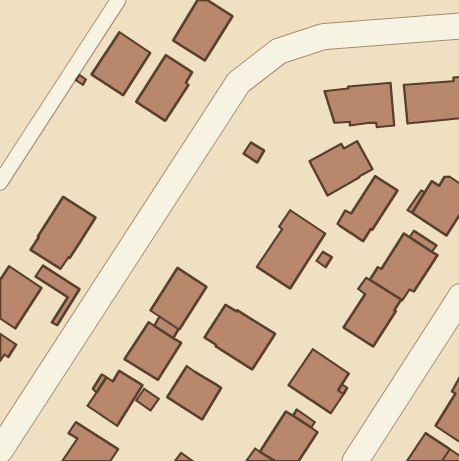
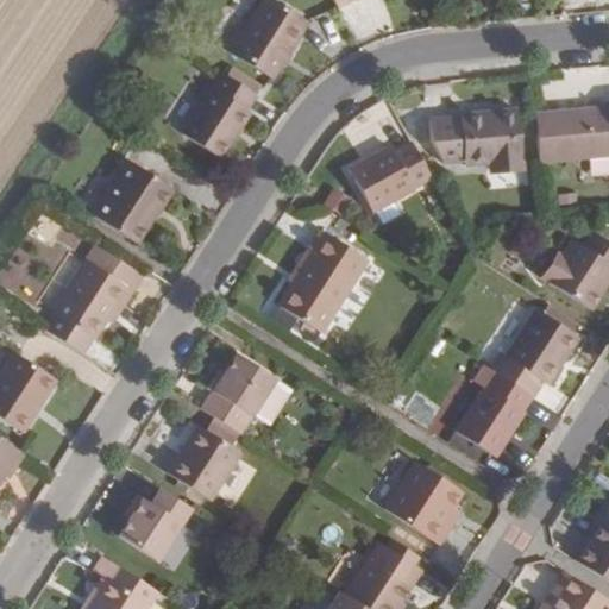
building: [92,32,150,95] -> [94,161,171,244]
building: [310,141,373,195] -> [349,142,432,213]
building: [338,176,398,241] -> none
building: [257,210,325,289] -> [277,230,368,333]
building: [35,266,80,325] -> [86,245,144,324]
building: [204,305,275,370] -> none
building: [167,366,221,420] -> none

